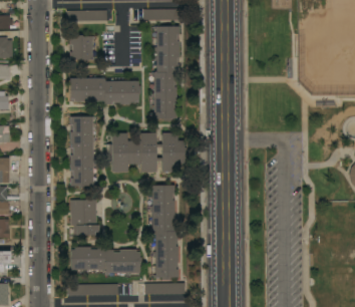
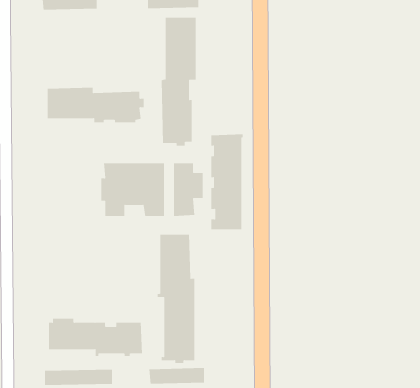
building: [69,35,94,62] -> none
building: [70,116,94,187] -> [210,134,243,230]
building: [70,200,99,236] -> none

